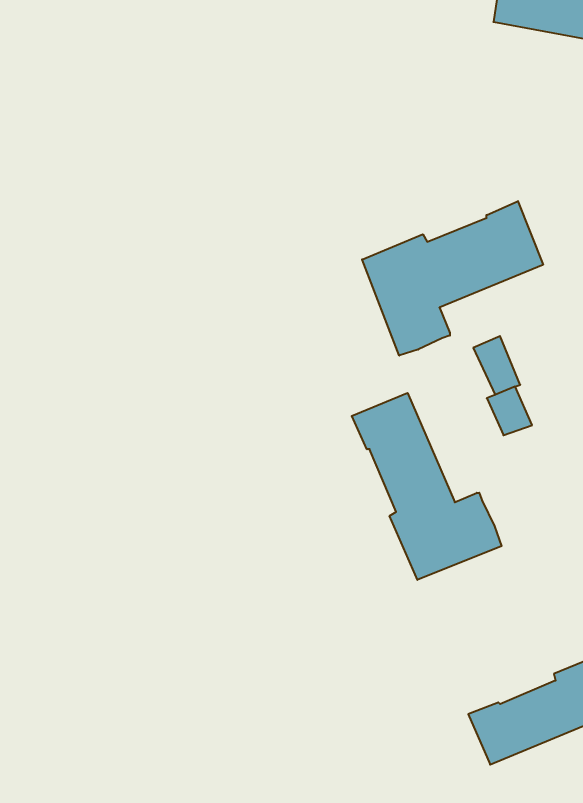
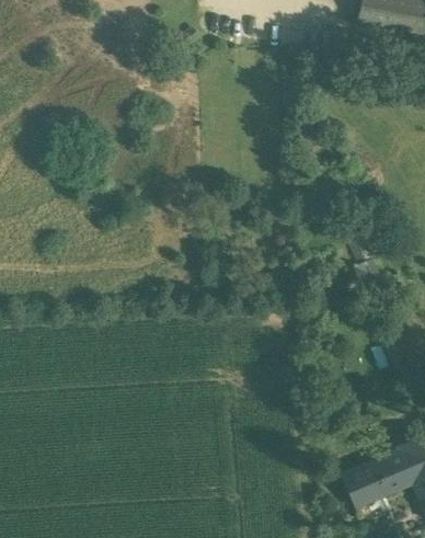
building: [362,201,543,356] -> none
building: [352,393,502,580] -> none

